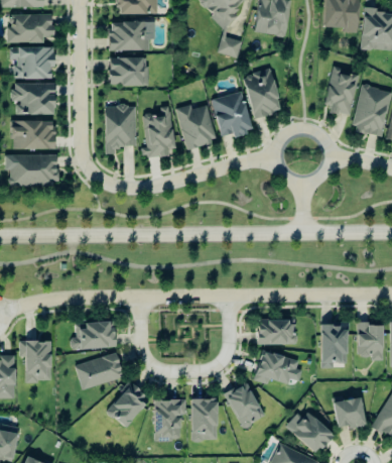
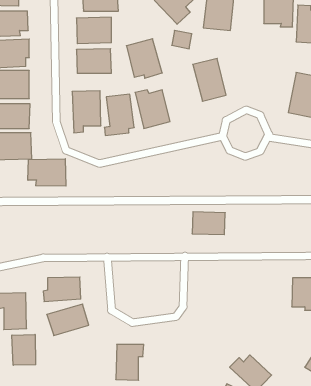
building: [325,66,358,116] -> none
building: [212,92,253,137] -> [126,39,162,78]
building: none -> [28,159,66,186]
building: [258,318,296,344] -> [192,212,225,235]
building: [320,324,348,367] -> none
building: [256,350,302,383] -> none
building: [224,380,265,428] -> none
building: [106,381,150,427] -> none
building: none -> [12,334,36,365]
building: [334,395,365,428] -> none
building: [190,397,218,440] -> none

